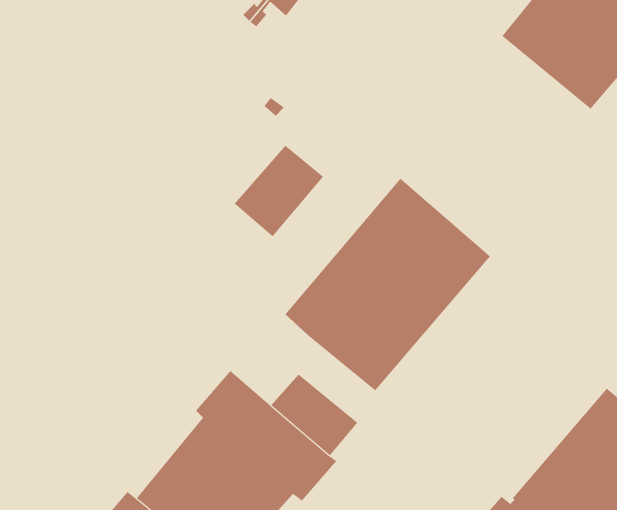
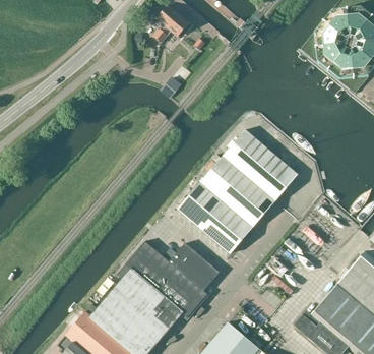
building: [234,145,324,237] -> none

